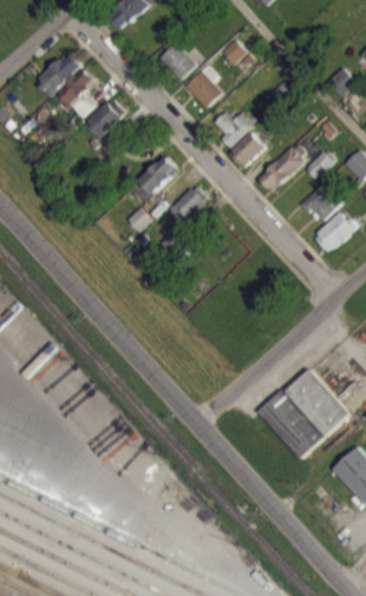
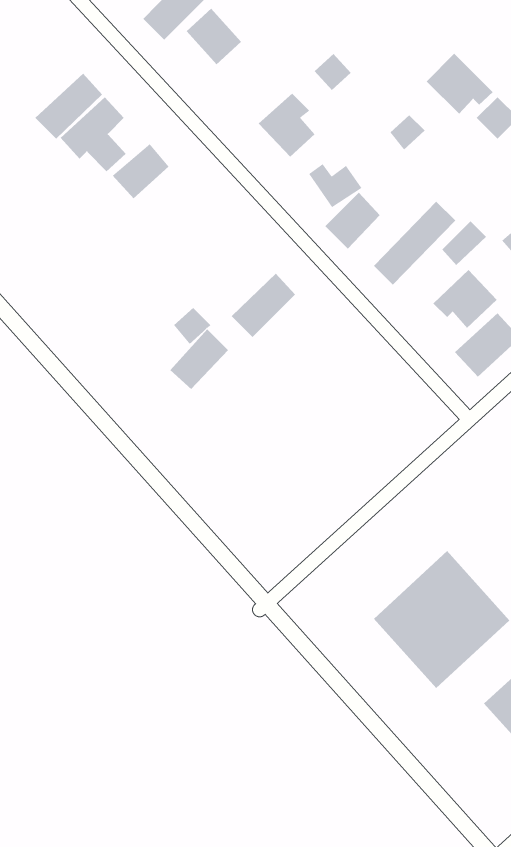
building: none -> [426,53,493,115]
building: [158,43,195,81] -> [186,8,242,65]
building: [138,155,177,195] -> [169,329,229,390]

